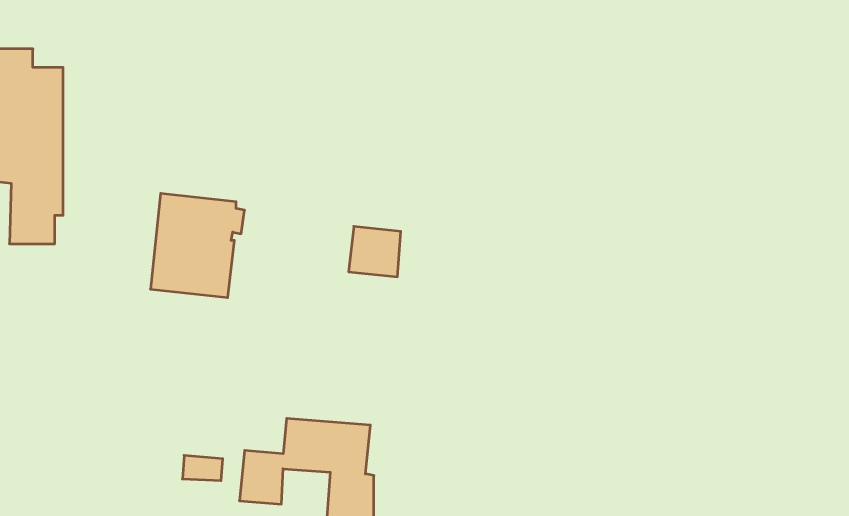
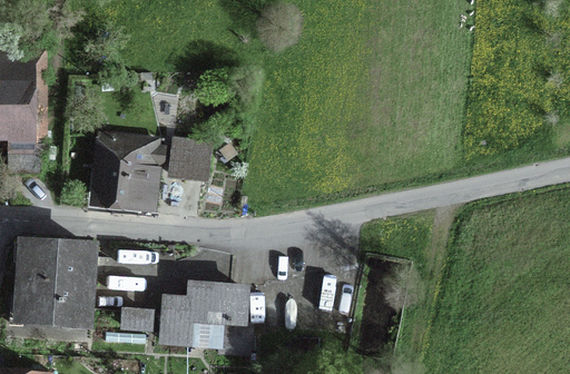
building: [349,226,401,277] -> [171,144,206,177]
building: none -> [8,243,90,323]

